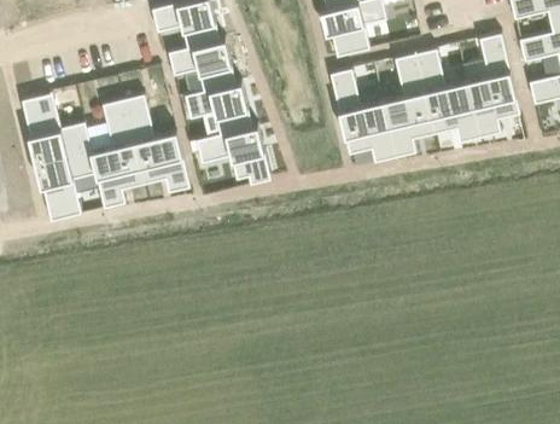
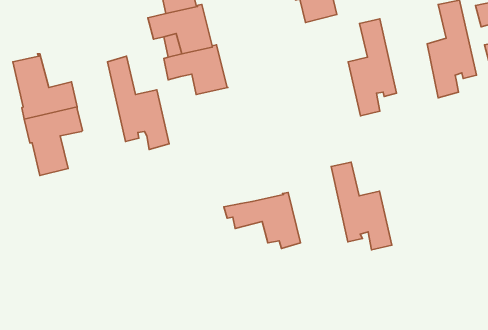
building: [415,50,478,144] -> none
building: [329,69,395,163] -> [331,162,392,250]
building: [91,100,142,209] -> none
building: [188,126,270,186] -> [224,192,300,249]

